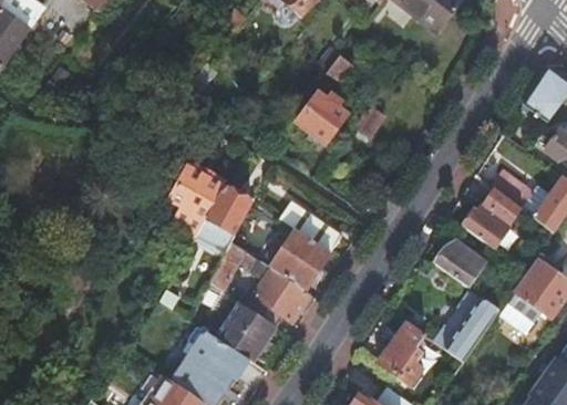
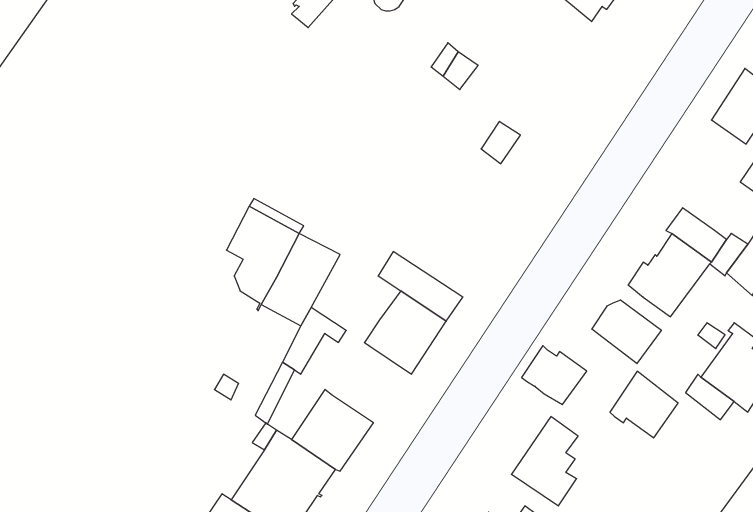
building: [296,93,344,141] -> none
building: [246,269,307,325] -> none
building: [433,318,481,361] -> [522,346,587,405]

